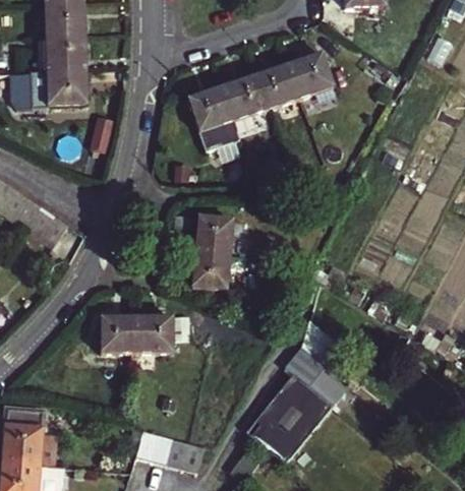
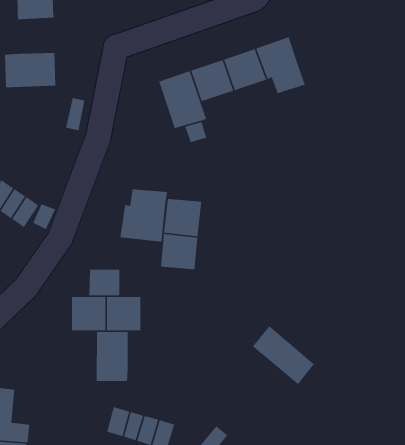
building: [45,34,83,69] -> none
building: none -> [120,188,168,243]
building: none -> [88,269,120,296]
building: none -> [96,331,129,382]
building: [247,375,331,463] -> none

